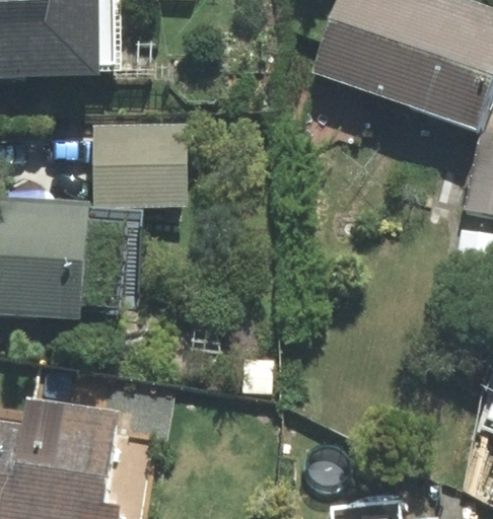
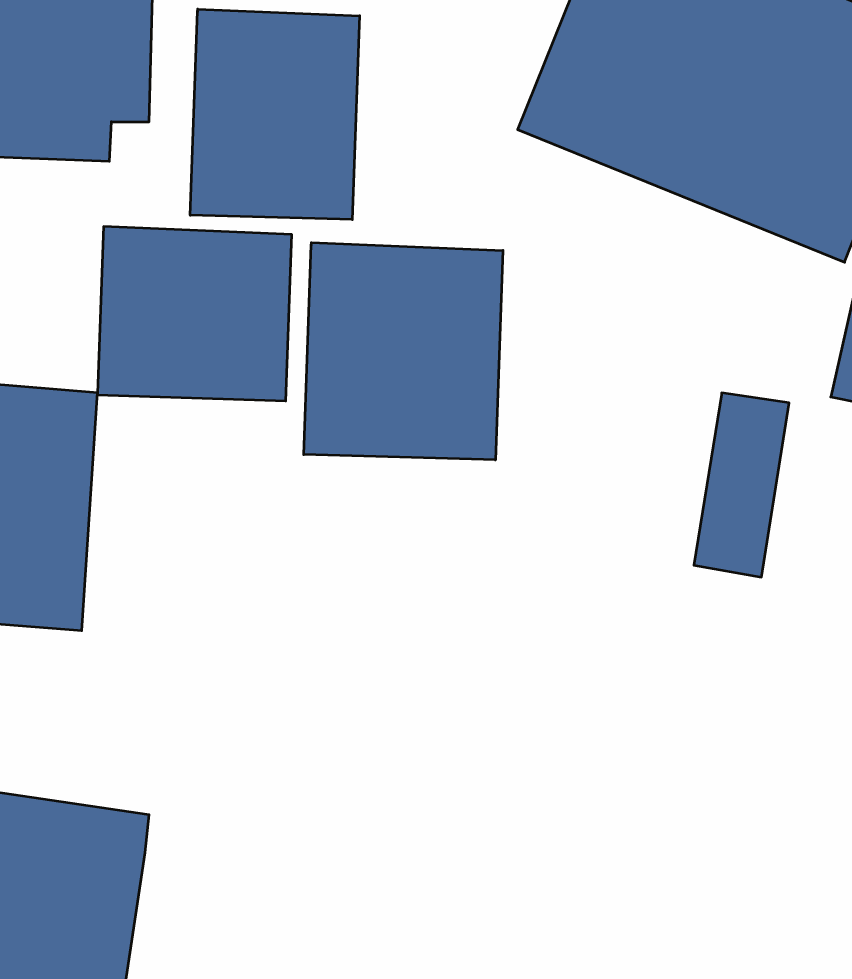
building: none -> [190,9,360,220]
building: none -> [304,243,503,460]

